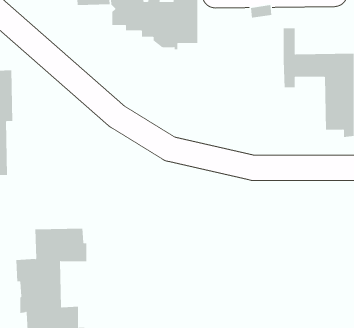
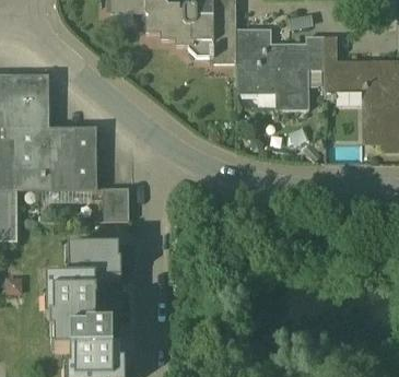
building: none -> [236,35,324,109]
building: none -> [38,132,94,189]
building: none -> [103,187,129,220]

